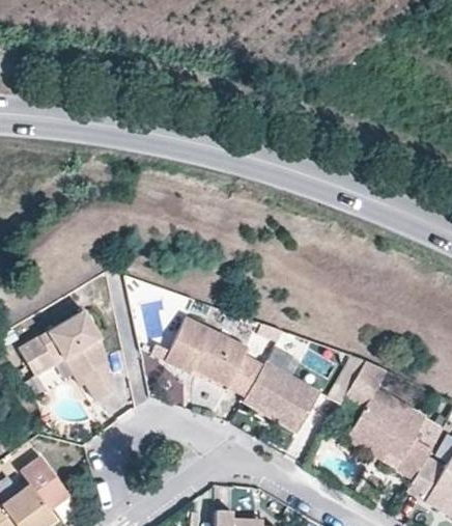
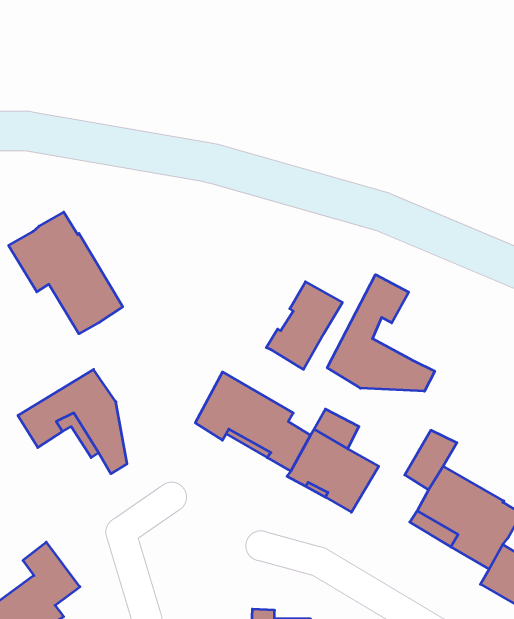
building: none -> [9,212,123,334]
building: none -> [327,275,435,391]
building: none -> [266,282,342,369]

